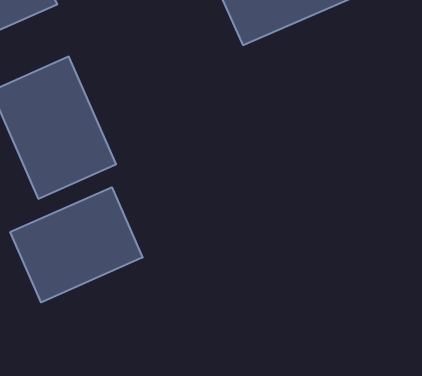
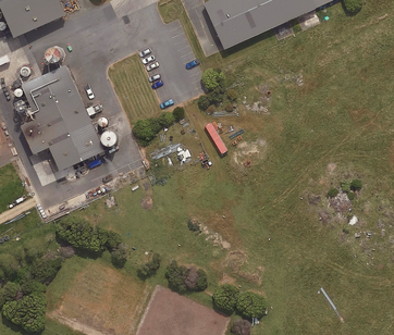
building: [10,187,143,302] -> none

